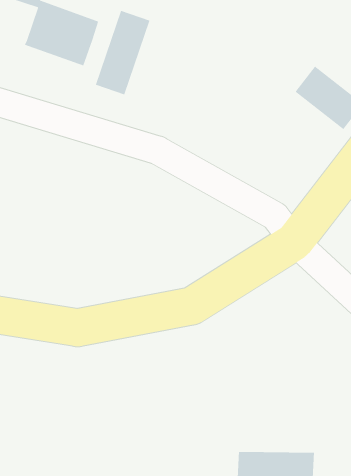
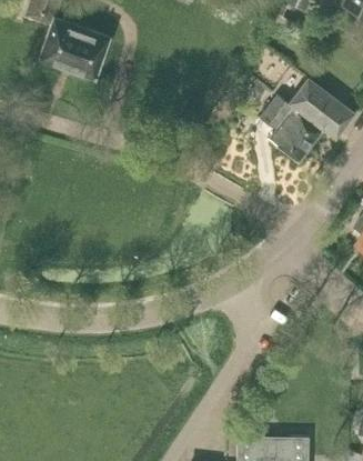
building: [95,10,151,96] -> none
building: none -> [260,96,320,162]

